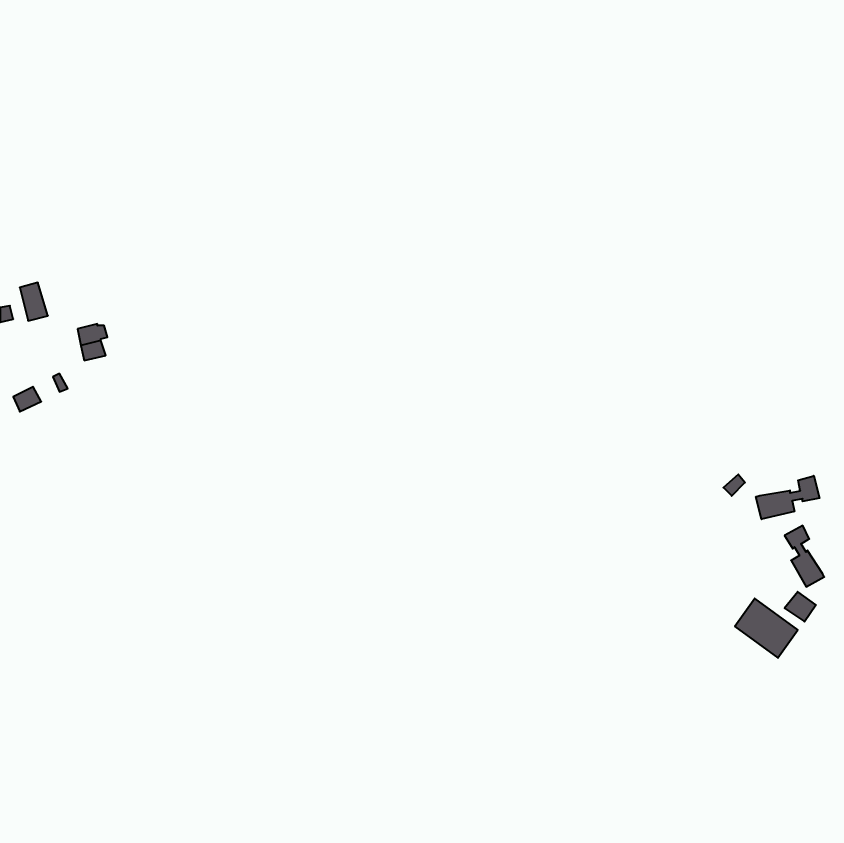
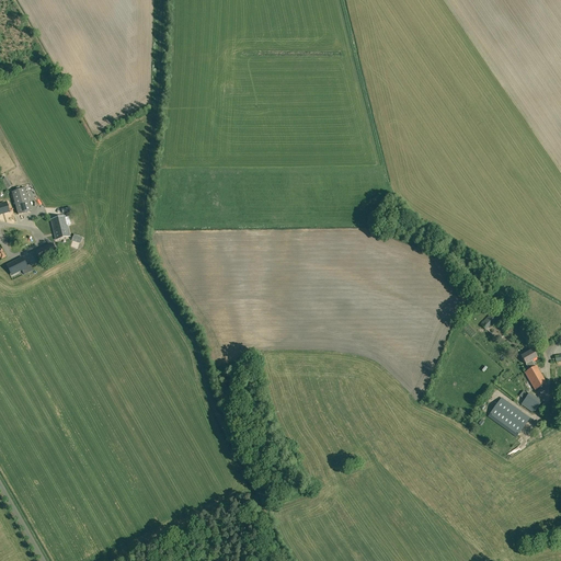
building: [756,476,820,519] -> none

